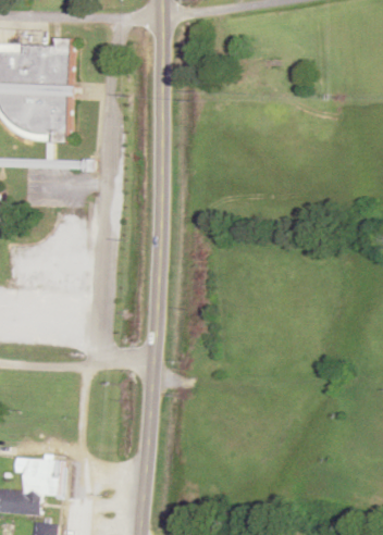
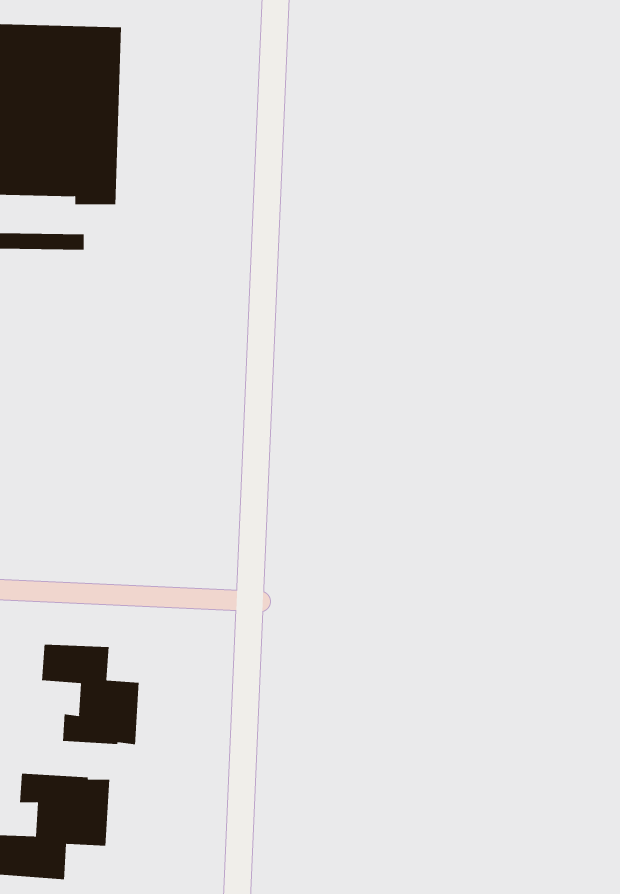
building: none -> [42,644,139,745]

